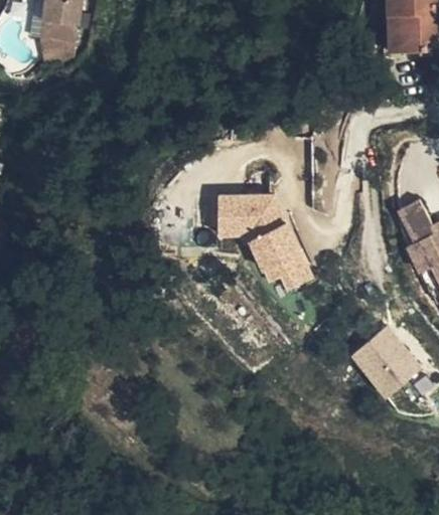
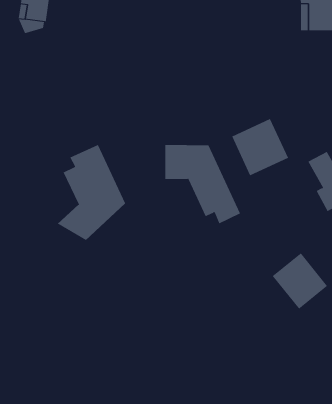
building: none -> [231,118,289,176]
building: none -> [57,144,126,241]

